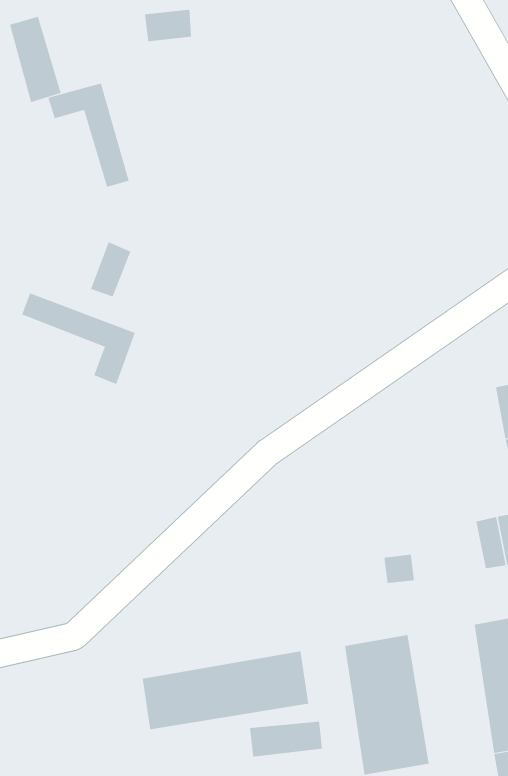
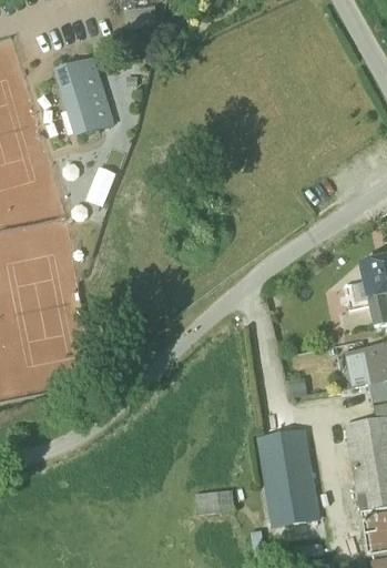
building: [9,16,62,103] -> [62,75,98,134]
building: [22,293,136,385] -> none
building: [142,651,309,730] -> none

